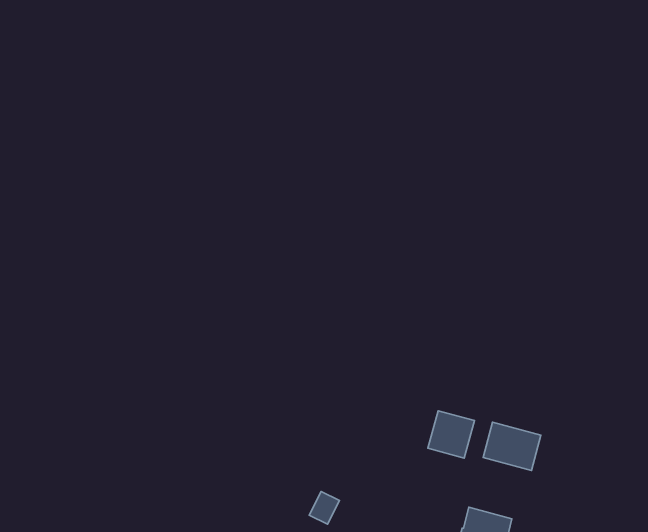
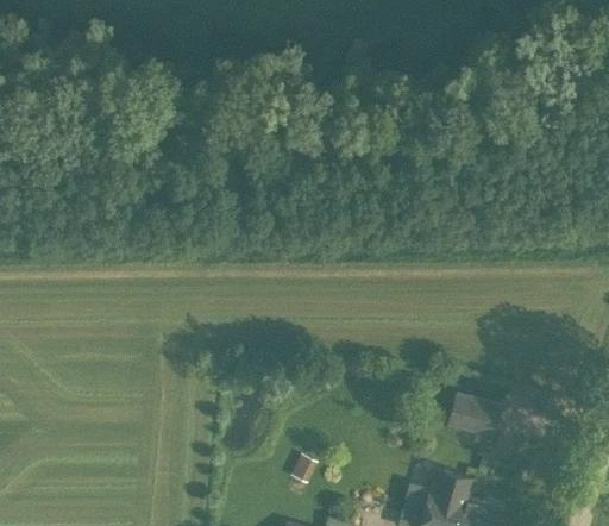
building: [428,411,475,458] -> none

